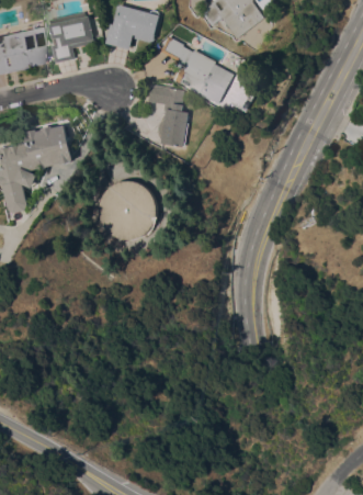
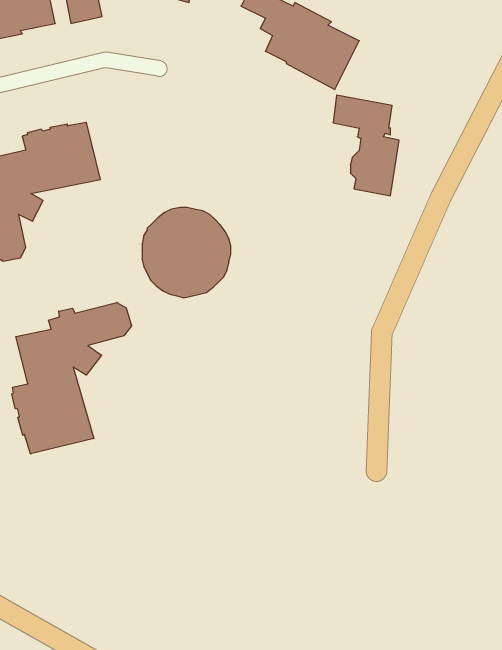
building: [149,83,191,147] -> [333,95,399,196]
building: none -> [12,302,131,454]

